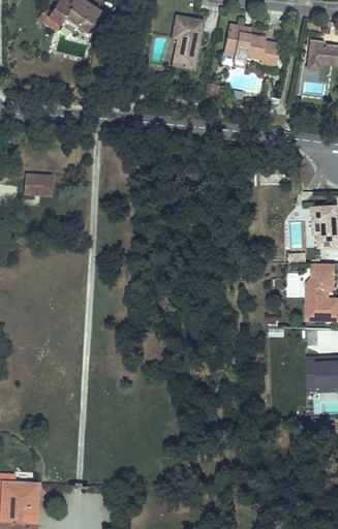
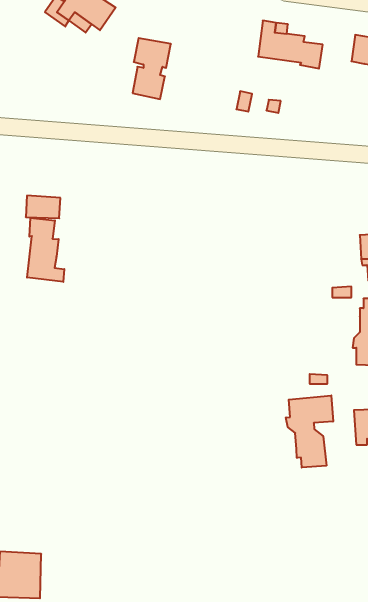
building: [172,17,205,69] -> [133,38,171,99]
building: none -> [27,218,64,282]
building: none -> [286,395,333,468]

